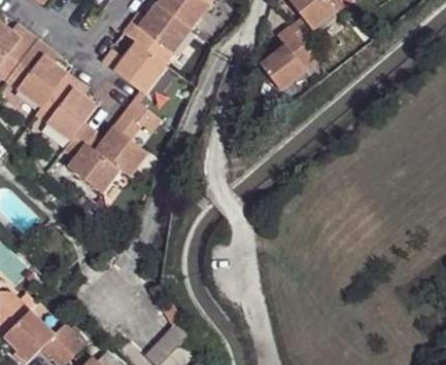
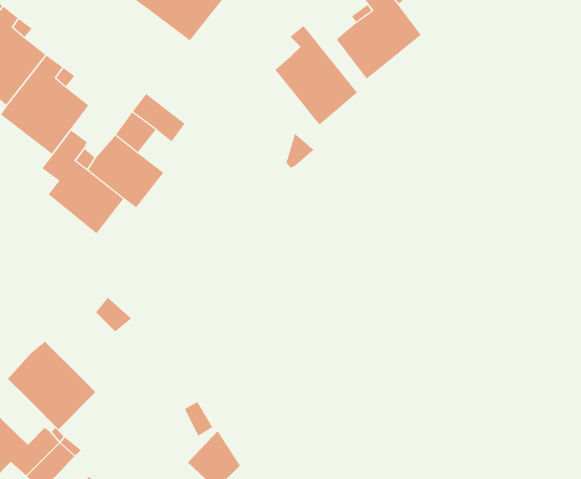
building: [100,42,164,95] -> none
building: none -> [274,25,358,126]
building: none -> [7,341,96,430]

